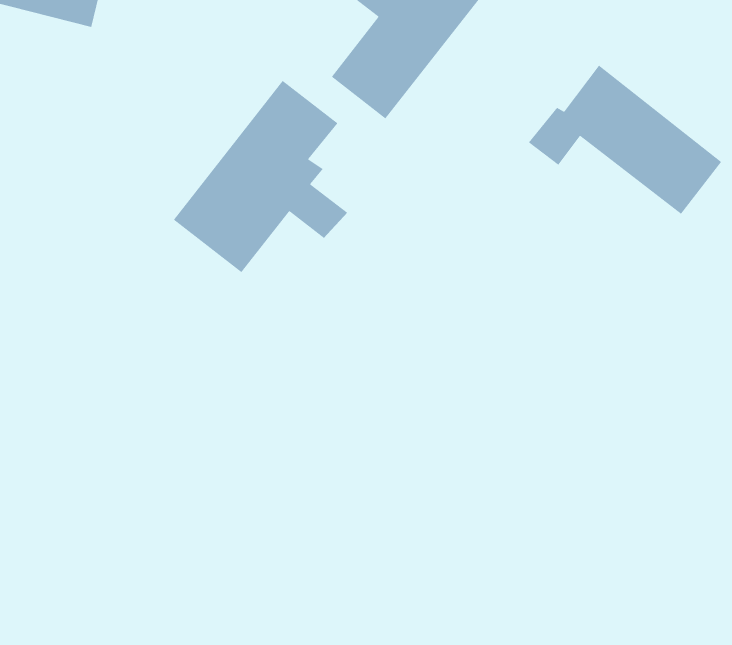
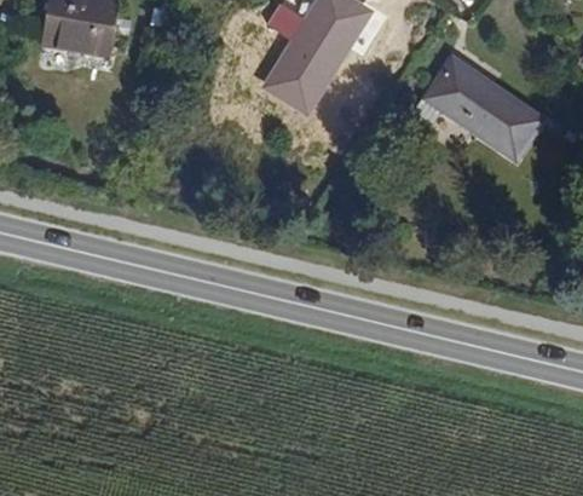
building: [173,80,348,273] -> none

